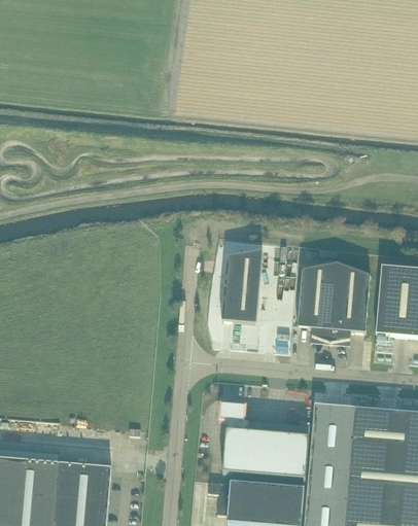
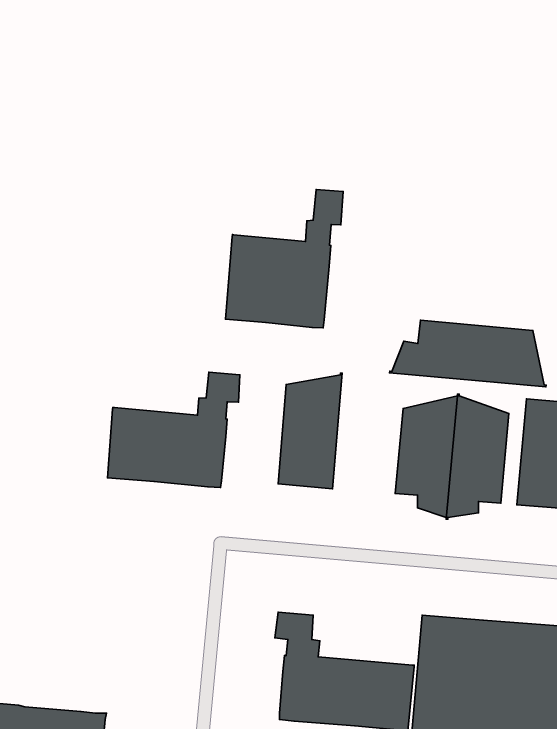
building: none -> [226,189,343,328]
building: none -> [390,320,546,387]
building: none -> [107,372,240,488]

